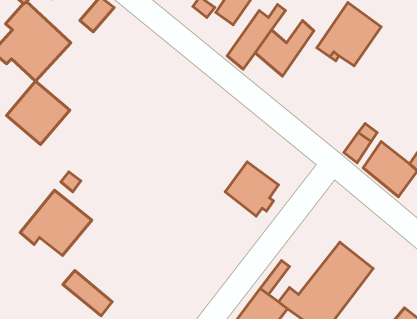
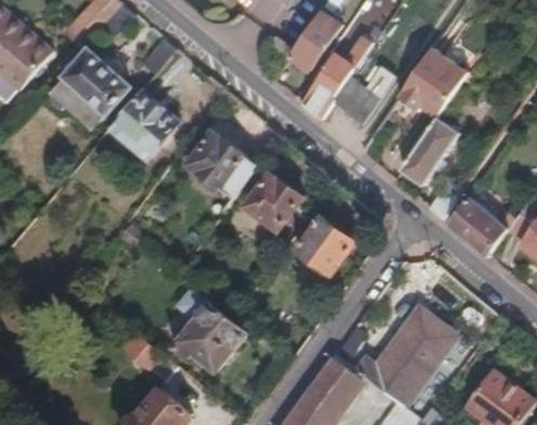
building: none -> [400,114,460,183]
building: [6,81,70,145] -> [110,93,179,161]
building: none -> [187,132,261,204]
building: none -> [244,174,302,230]
building: [20,190,92,256] -> [169,302,246,373]

